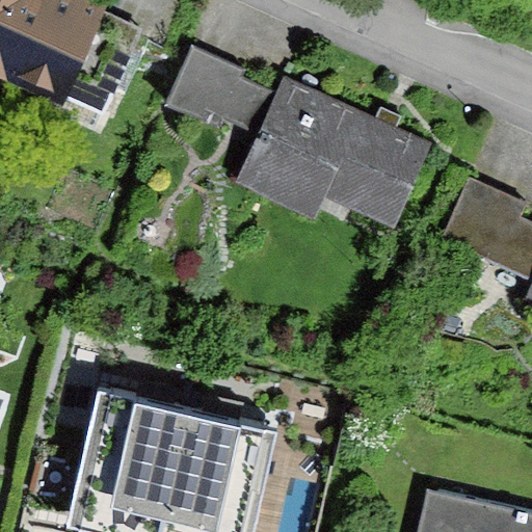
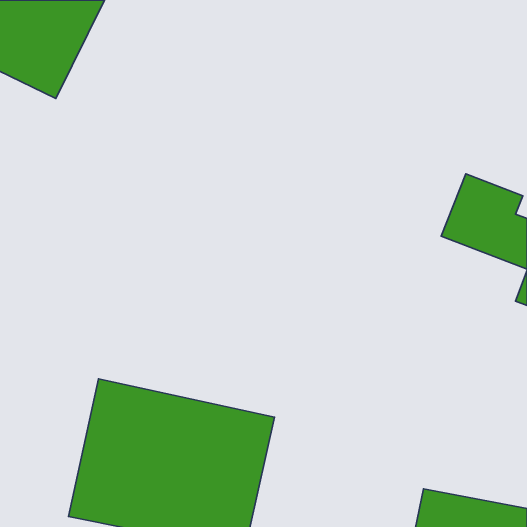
building: [168,46,432,223] -> none

